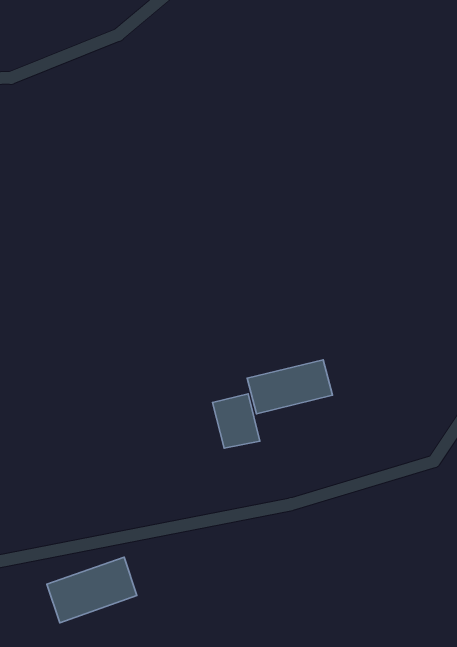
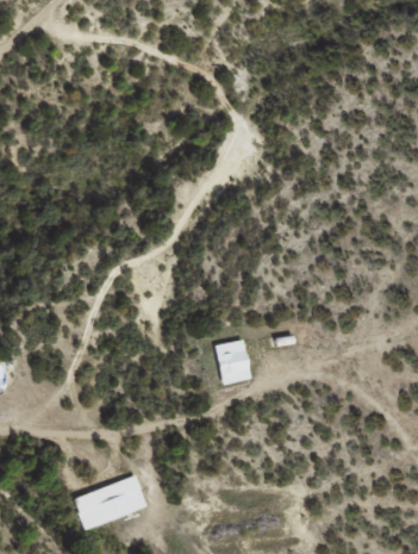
building: [247,360,332,414] -> none

